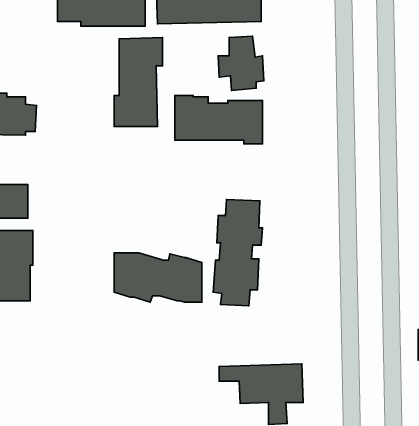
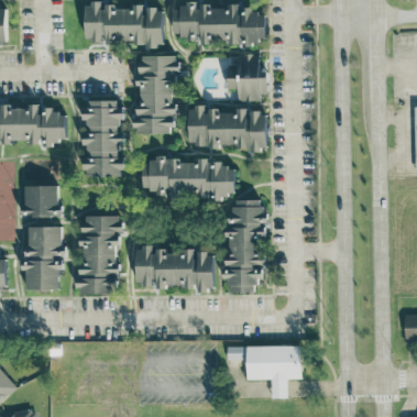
building: none -> [80,100,122,177]
building: none -> [141,157,233,198]
building: none -> [76,216,120,295]

